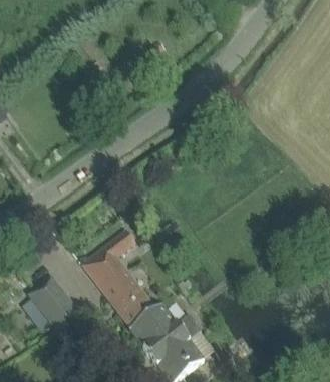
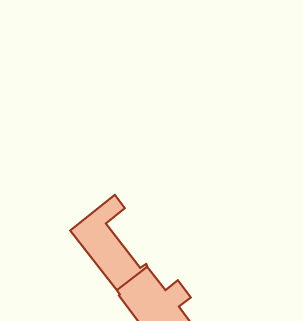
building: [27,276,82,335] -> none

